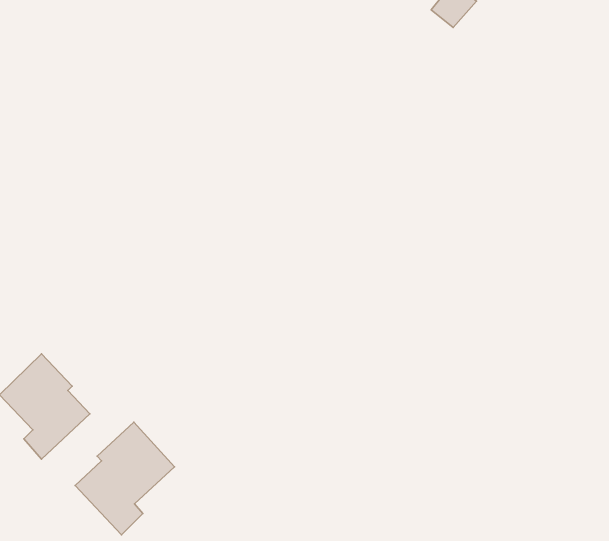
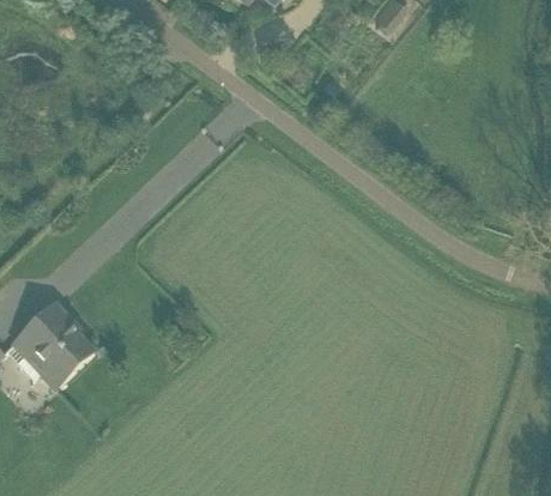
building: [75,422,174,535] -> none

